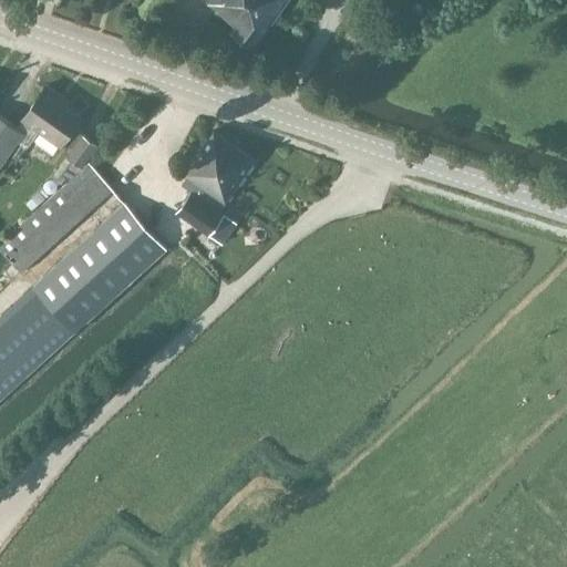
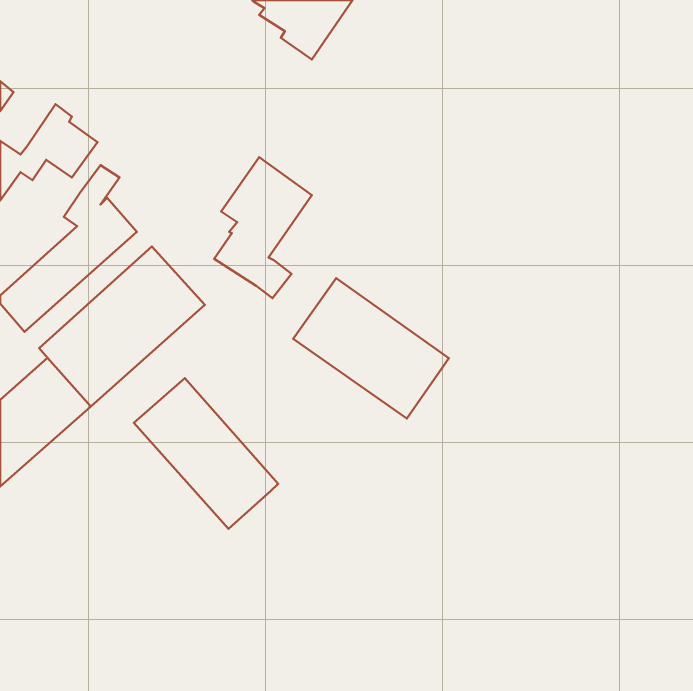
building: none -> [293,278,449,419]
building: none -> [134,378,278,529]

